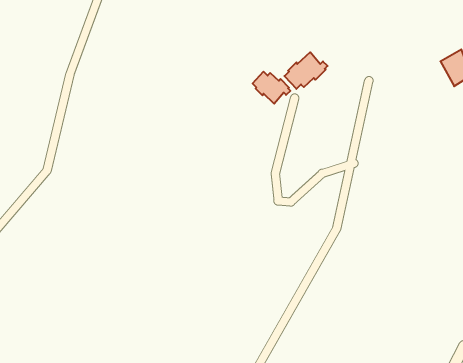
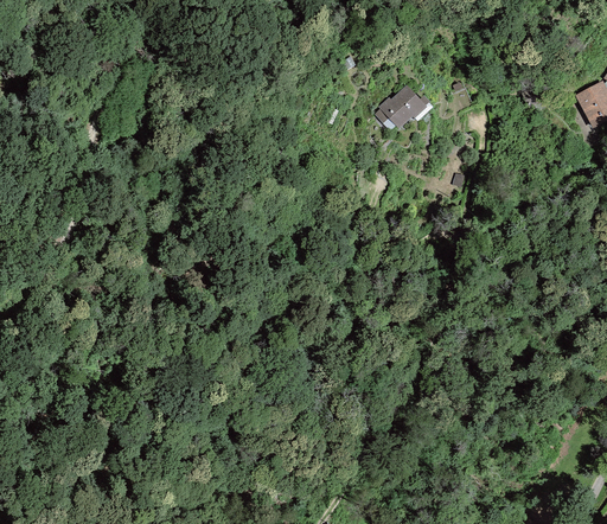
building: [253,72,290,104] -> none

